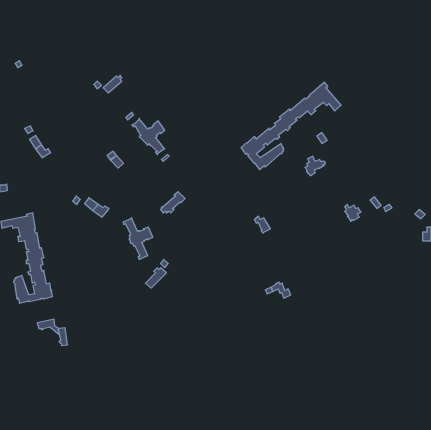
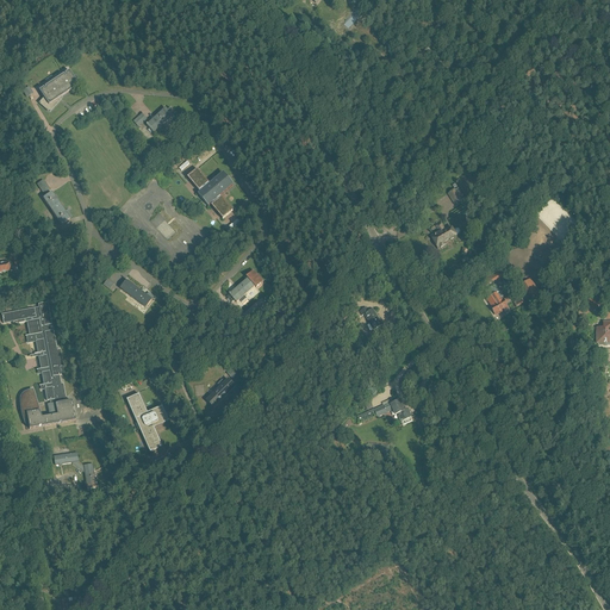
building: none -> [37,68,77,110]
building: [241,82,341,170] -> none
building: [123,218,153,259] -> [126,392,168,450]

